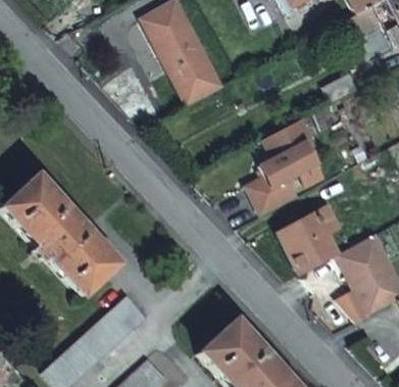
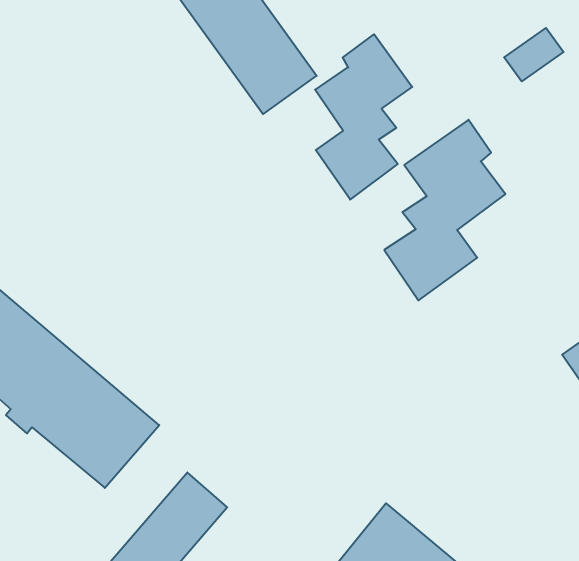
building: none -> [315,34,412,200]
building: [280,206,338,273] -> none

